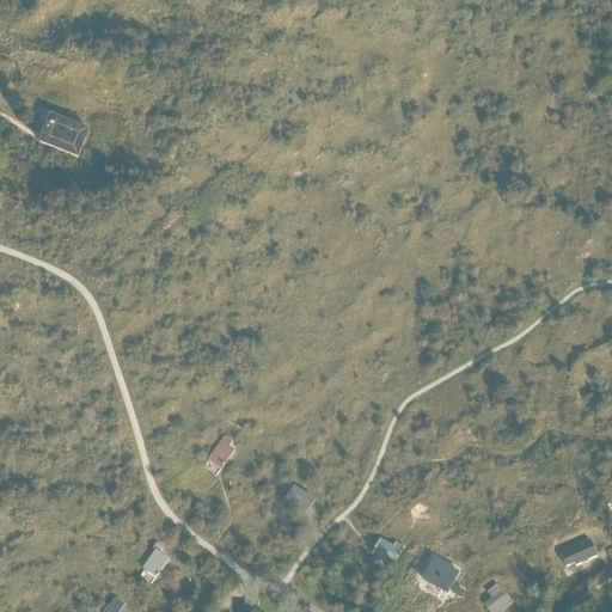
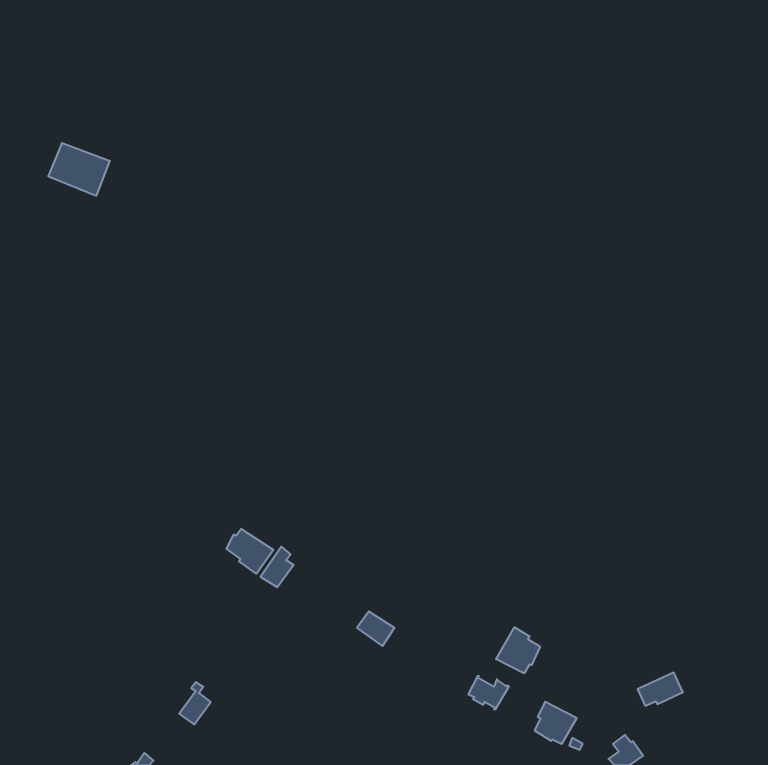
building: none -> [226,529,273,574]
building: none -> [496,627,540,673]
building: [559,538,595,564] -> [638,673,683,706]

